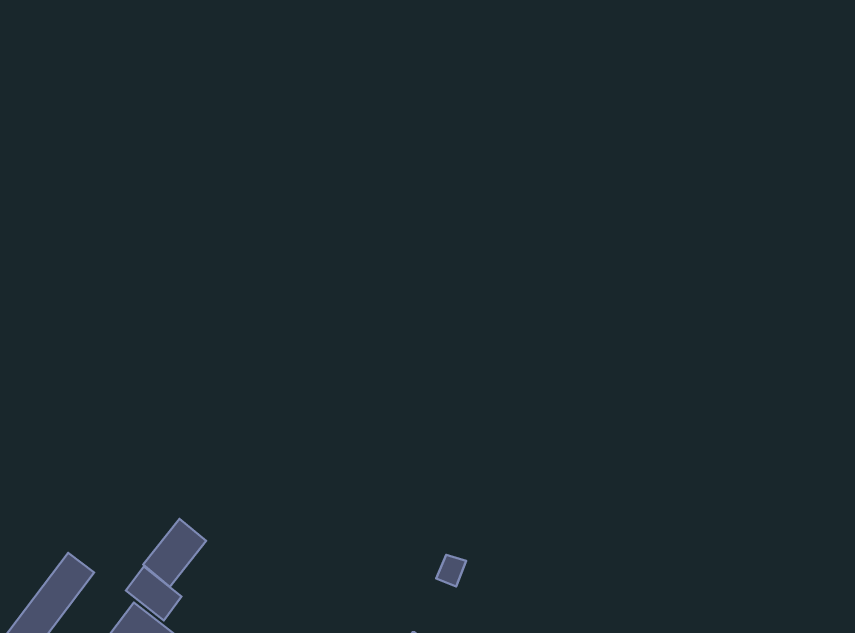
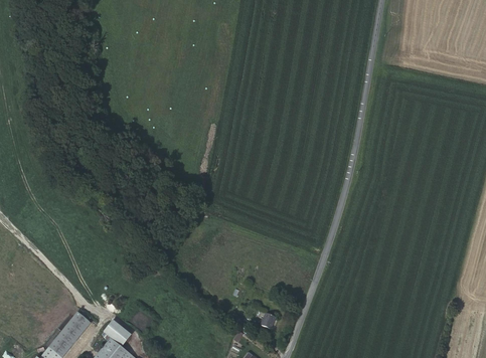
building: [143,519,206,587] -> none

